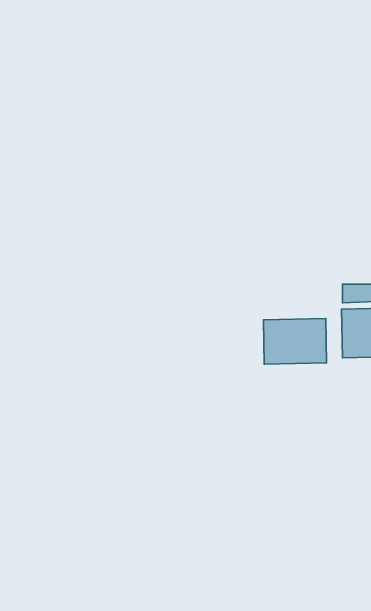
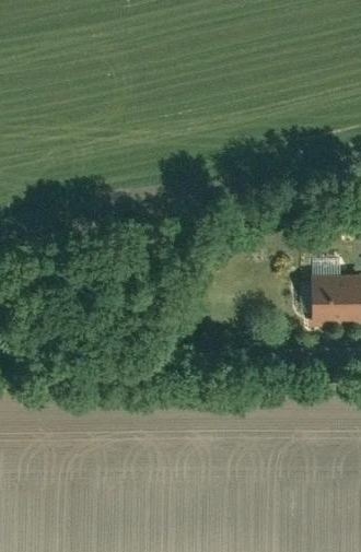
building: [264,318,327,364] -> none

